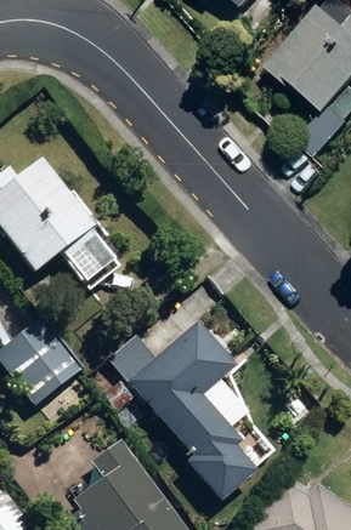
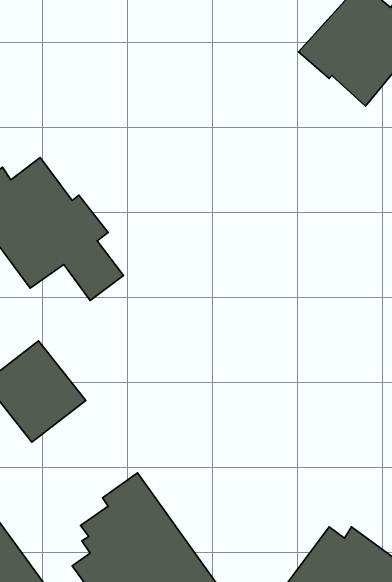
building: [128,319,256,501] -> none

